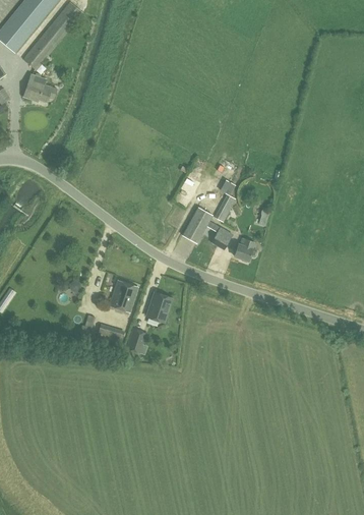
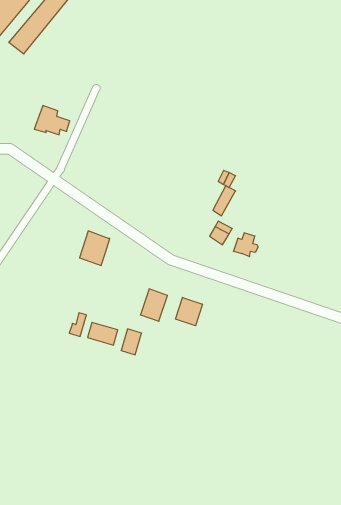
building: [23,73,57,101] -> [34,106,70,135]
building: [183,208,213,243] -> none
building: [110,279,138,311] -> [80,231,110,265]
building: none -> [176,297,202,326]

